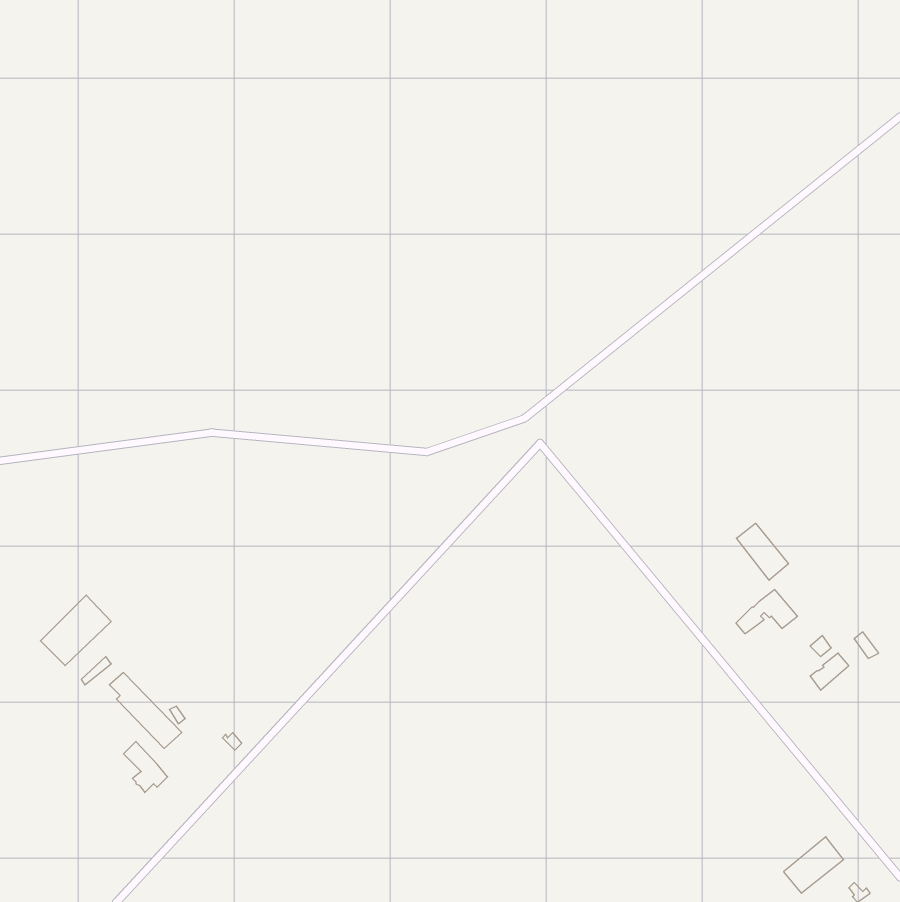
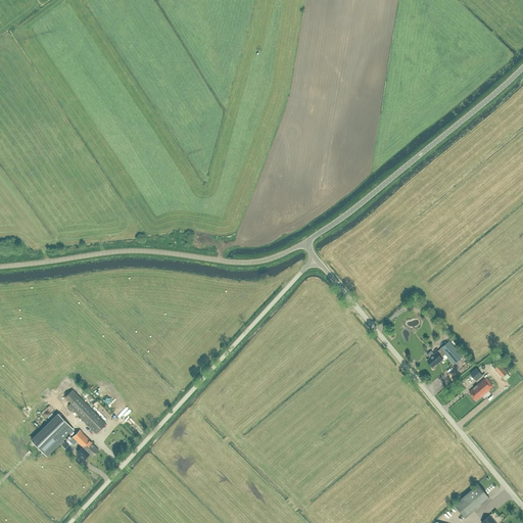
building: [736,523,788,580] -> none
building: [40,595,111,666] -> [31,414,72,455]

